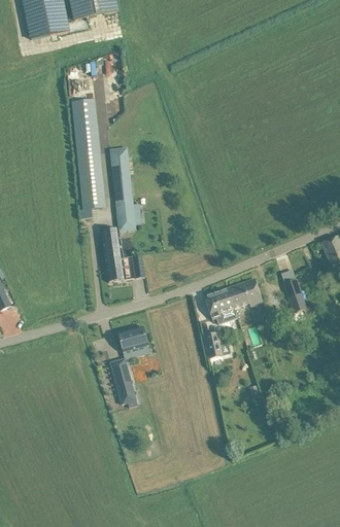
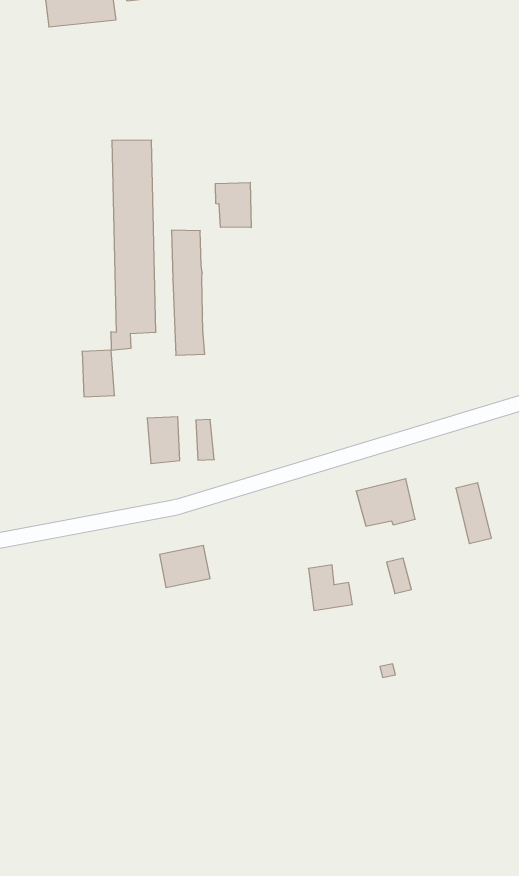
building: none -> [215,182,251,228]
building: [101,227,122,255] -> [82,350,115,397]
building: [203,287,237,323] -> none
building: [110,357,136,406] -> none

